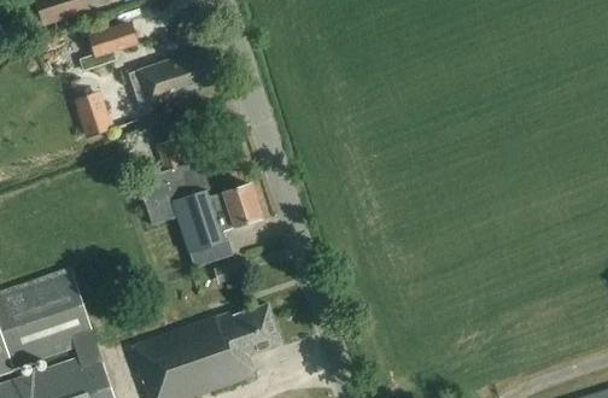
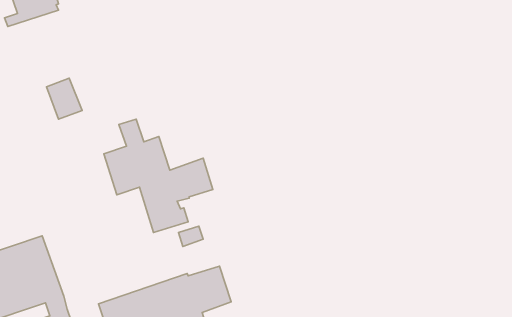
building: [78,21,138,71] -> none
building: [127,48,216,109] -> none

